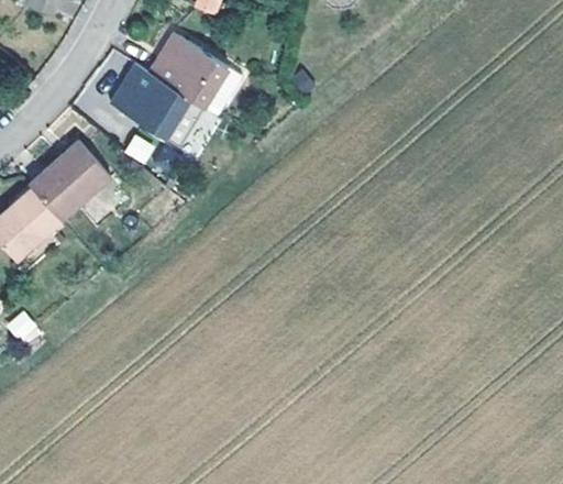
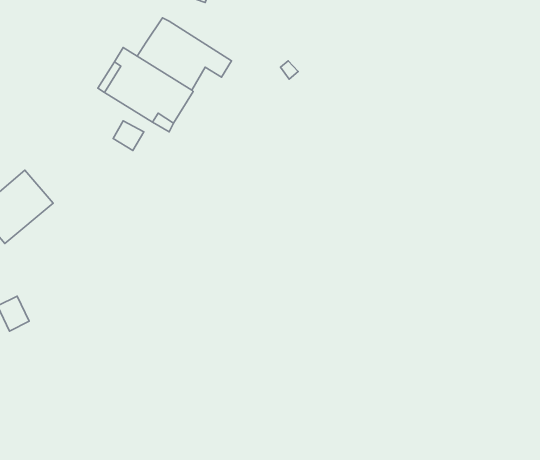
building: [32,141,112,219] -> none

